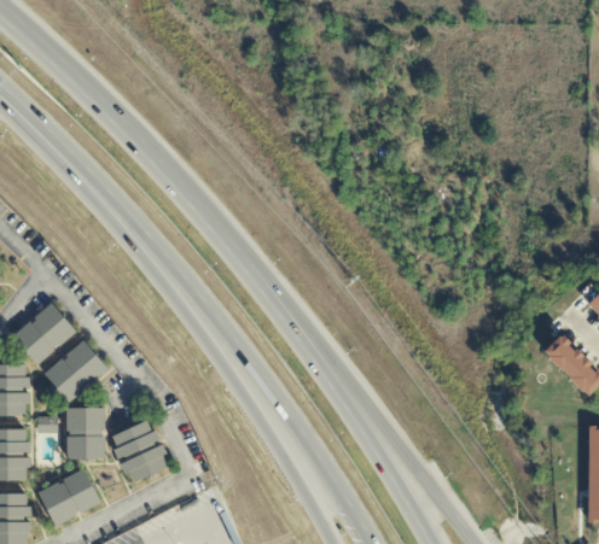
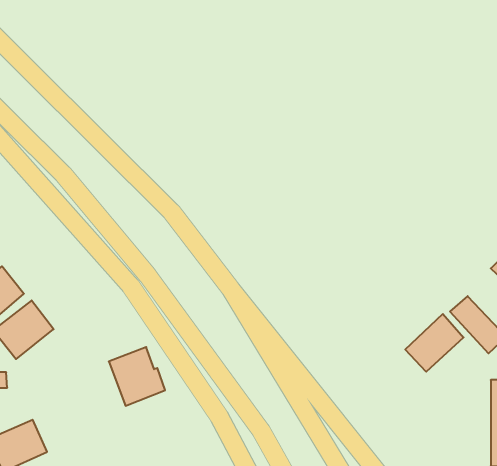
building: none -> [405,314,464,372]
building: [65,408,104,460] -> none
building: [110,420,171,484] -> [109,347,165,406]

